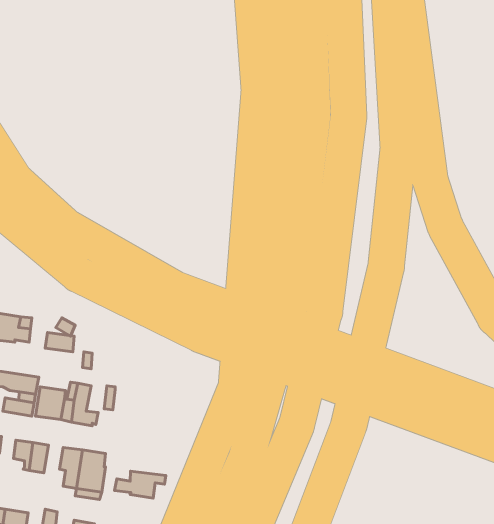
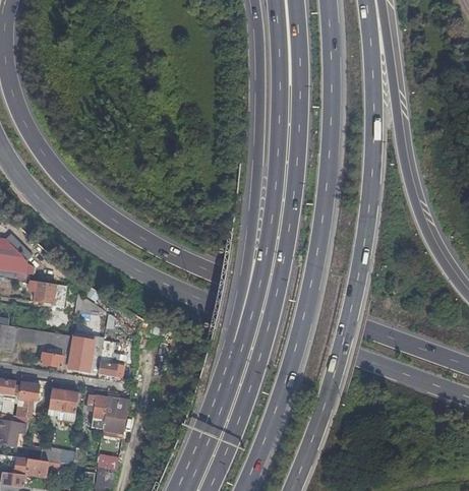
building: [115,471,166,498] -> none

